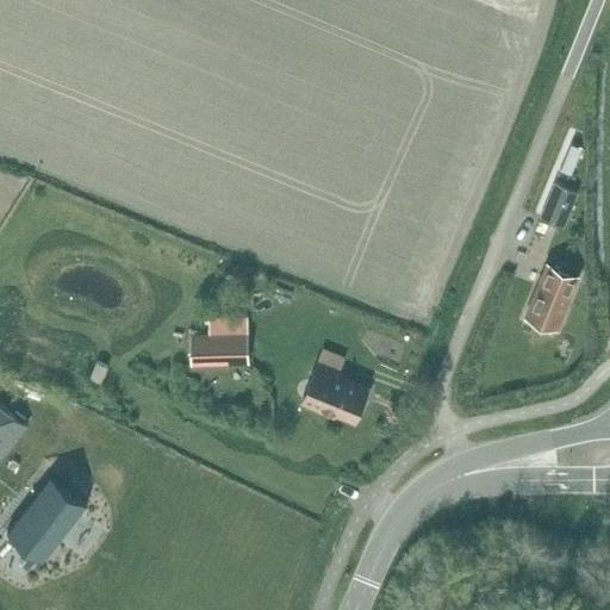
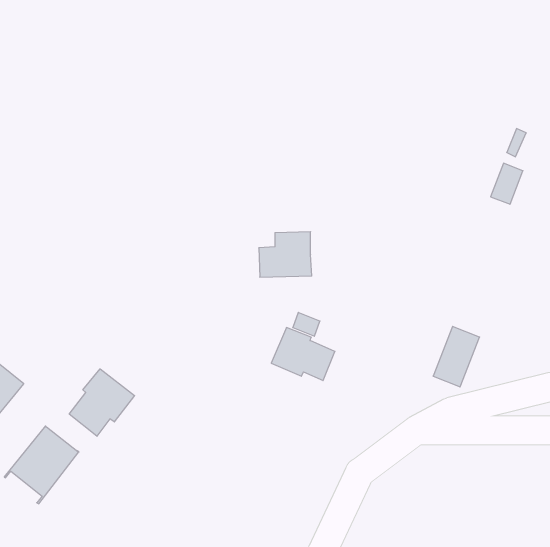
building: [525,268,577,335] -> [433,326,480,387]
building: [189,322,248,372] -> [259,232,312,277]
building: none -> [69,369,135,436]

